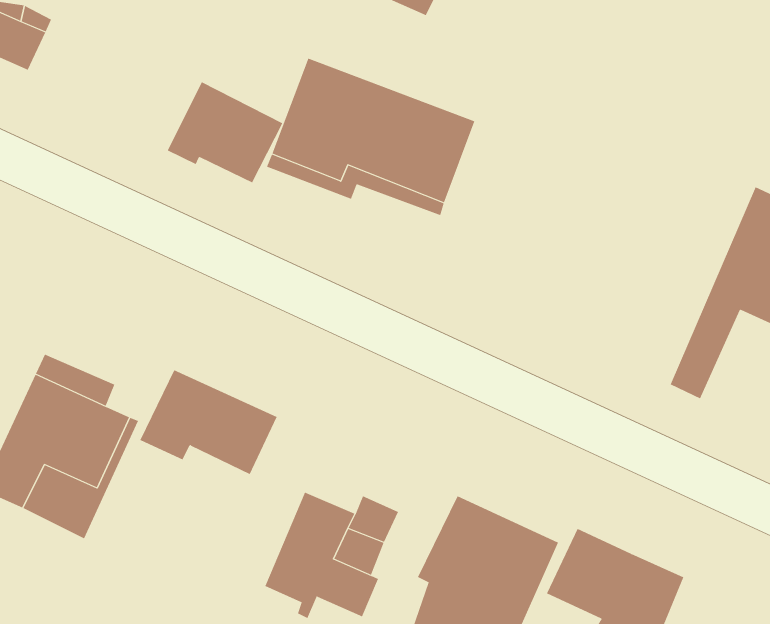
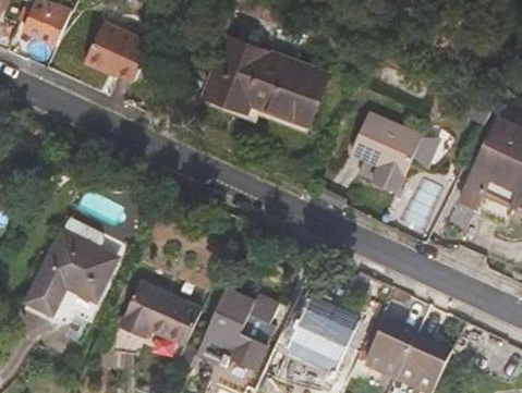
building: [167,81,283,183] -> [81,20,150,81]
building: none -> [352,110,422,188]
building: [139,369,278,475] -> [118,283,201,346]

